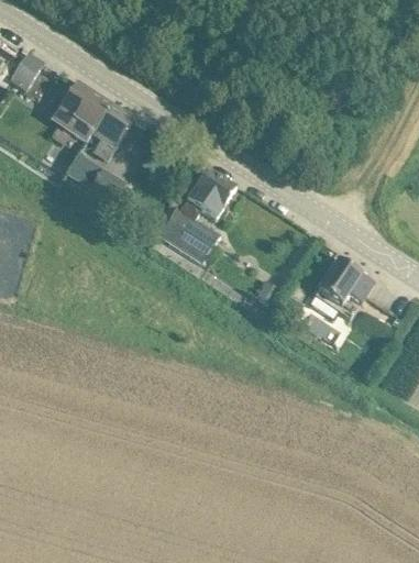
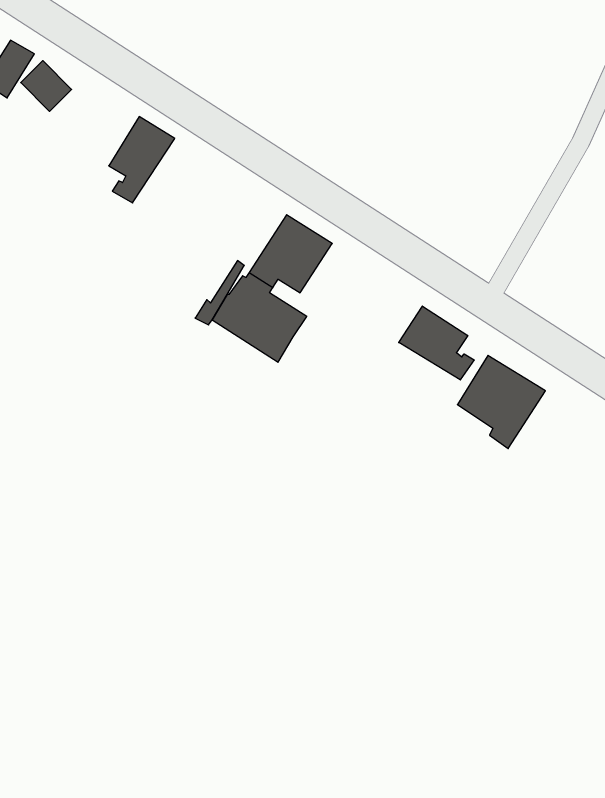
building: [51,81,110,144] -> none
building: [67,155,125,202] -> none
building: none -> [399,306,474,380]

